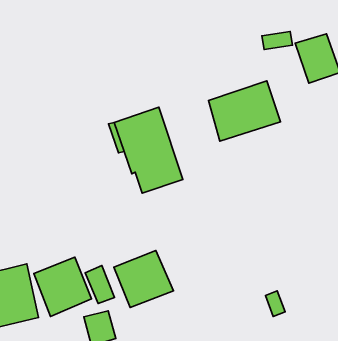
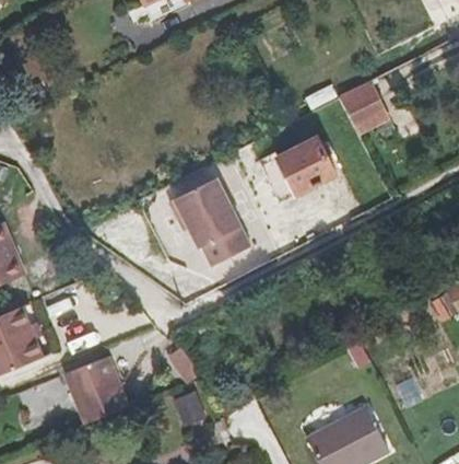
building: [114,250,173,308] -> none
building: [34,257,91,317] -> none

